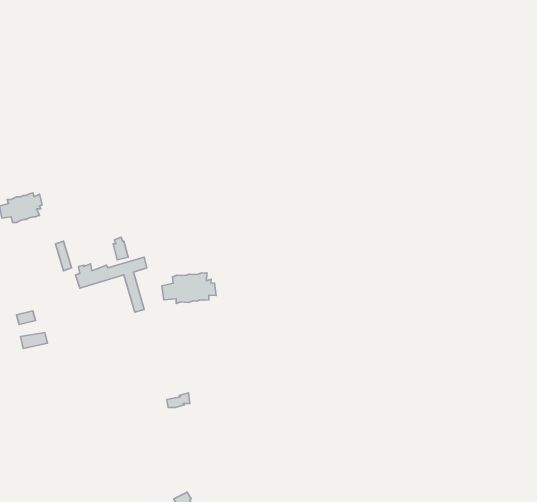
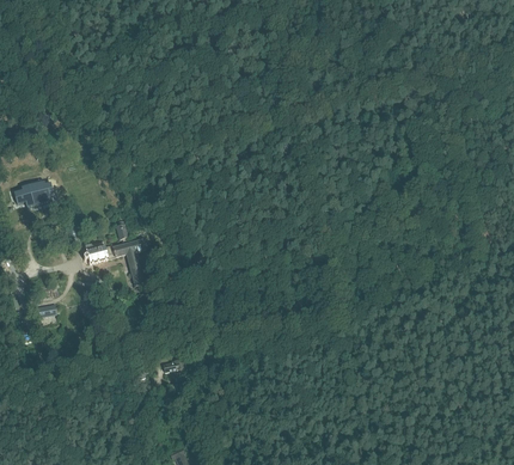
building: [162,273,216,304] -> none

